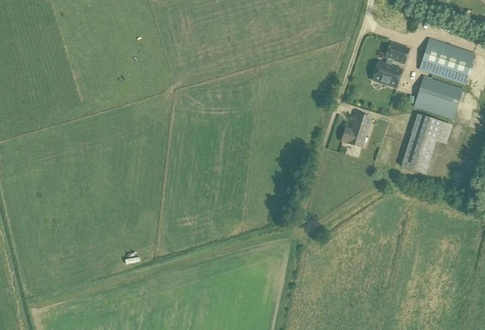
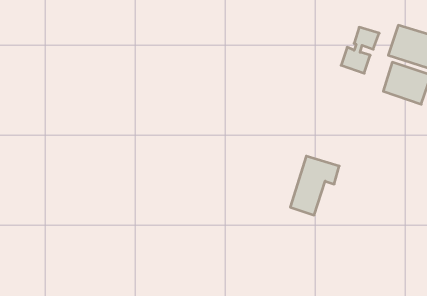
building: [342,113,370,146] -> none
building: [401,114,450,173] -> [290,156,339,215]

